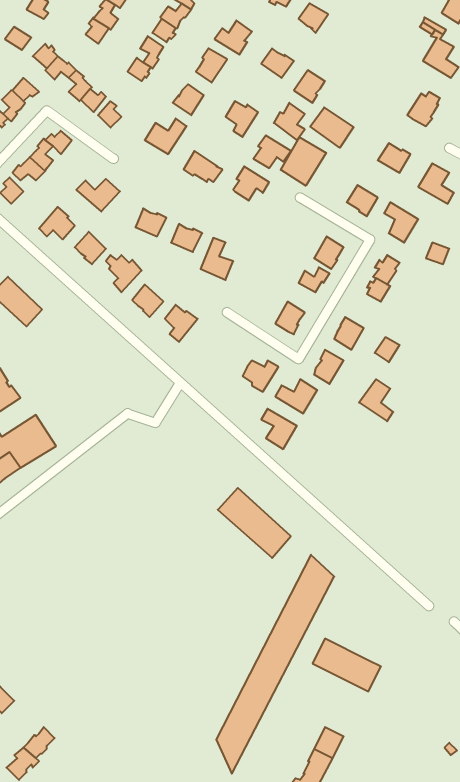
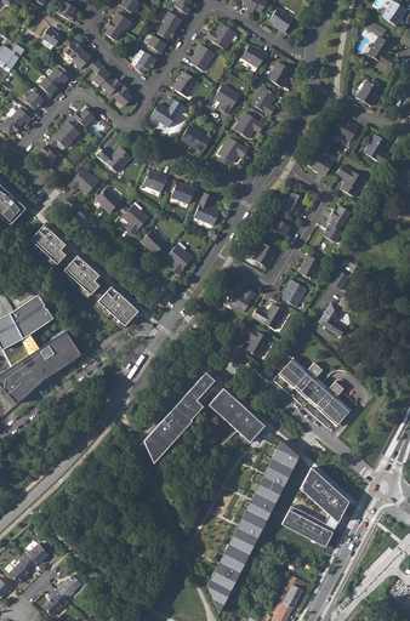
building: [310,107,354,148] -> none
building: [281,137,326,186] -> none
building: none -> [64,253,99,292]
building: none -> [98,284,138,324]
building: none -> [277,354,351,426]
building: none -> [143,372,215,463]
building: none -> [300,468,348,528]

